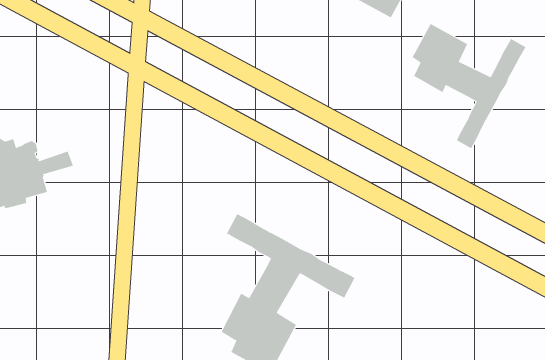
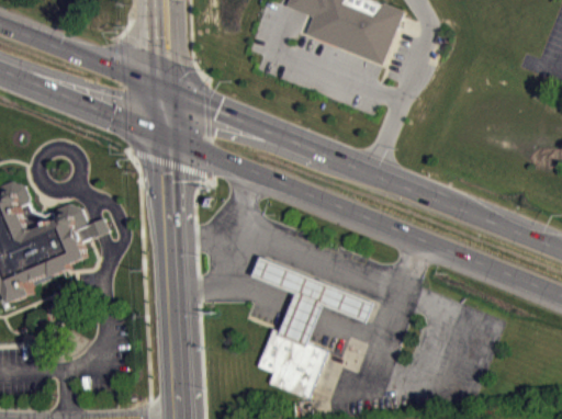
building: [412,23,526,149] -> none

